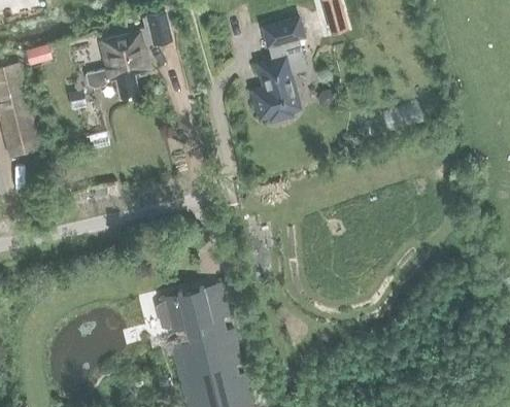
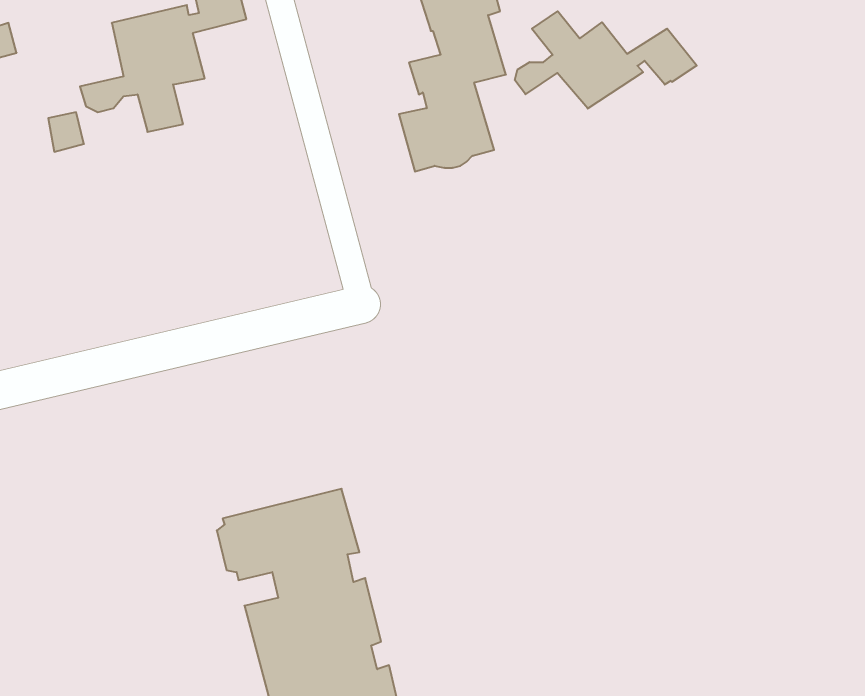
building: none -> [515,11,697,109]

